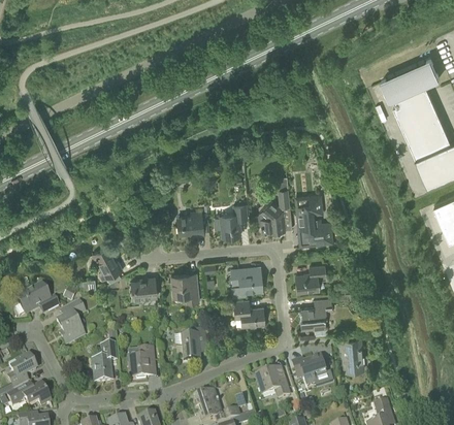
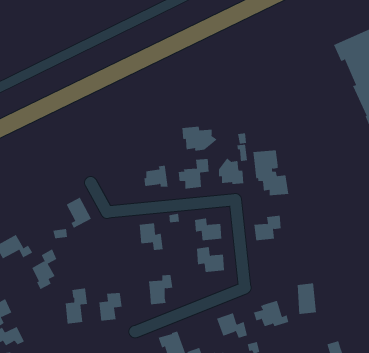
building: none -> [182,126,218,152]
building: [131,276,156,298] -> none
building: [299,299,332,329] -> none

